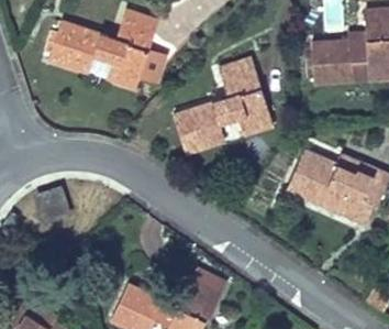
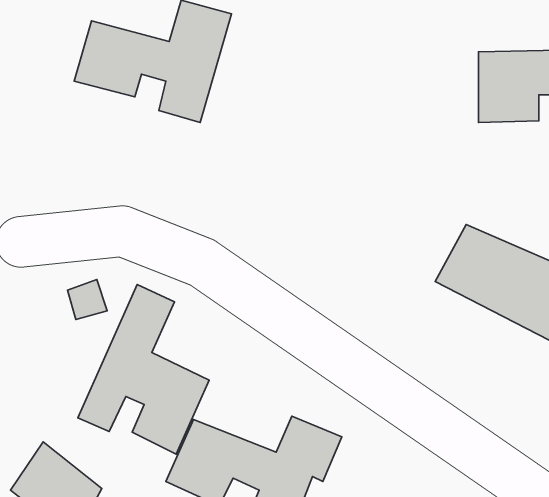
building: [174,56,275,151] -> none
building: none -> [78,285,209,454]

